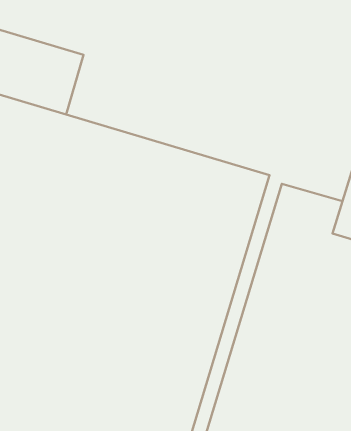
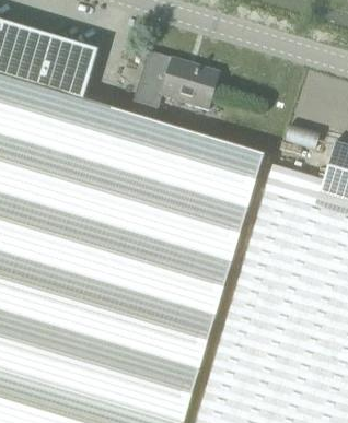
building: none -> [132,49,223,120]

